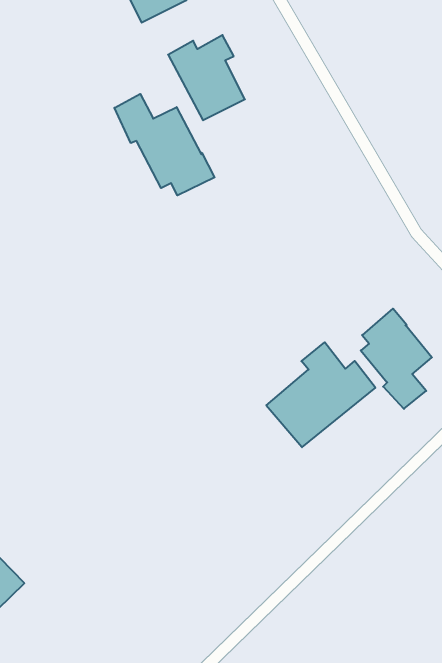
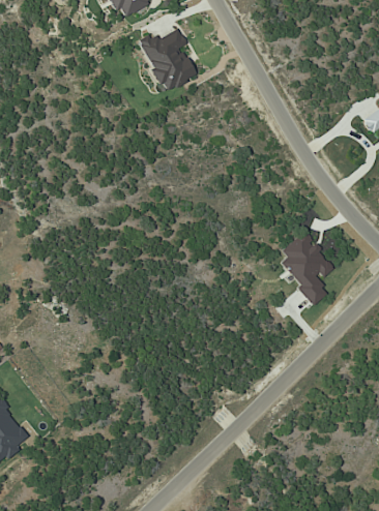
building: [114,94,215,195] -> none
building: [266,342,375,447] -> none

